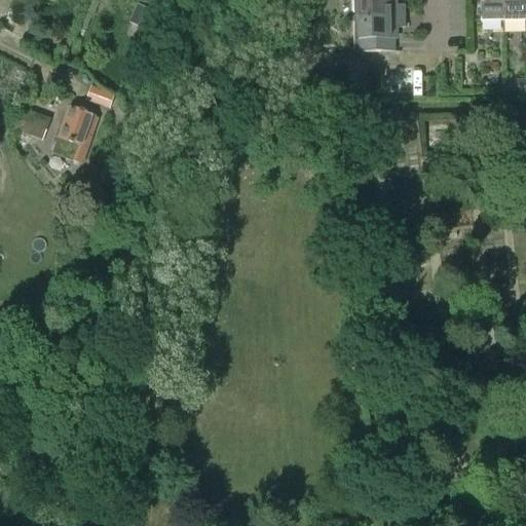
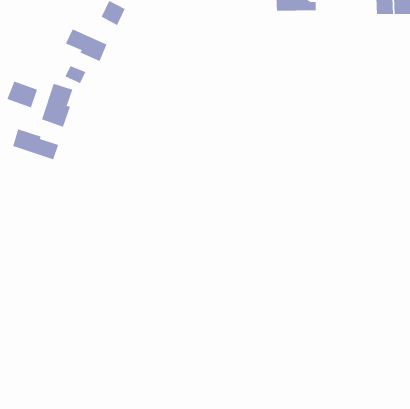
building: [354,13,407,49] -> none
building: none -> [65,29,107,62]
building: none -> [12,128,59,160]

